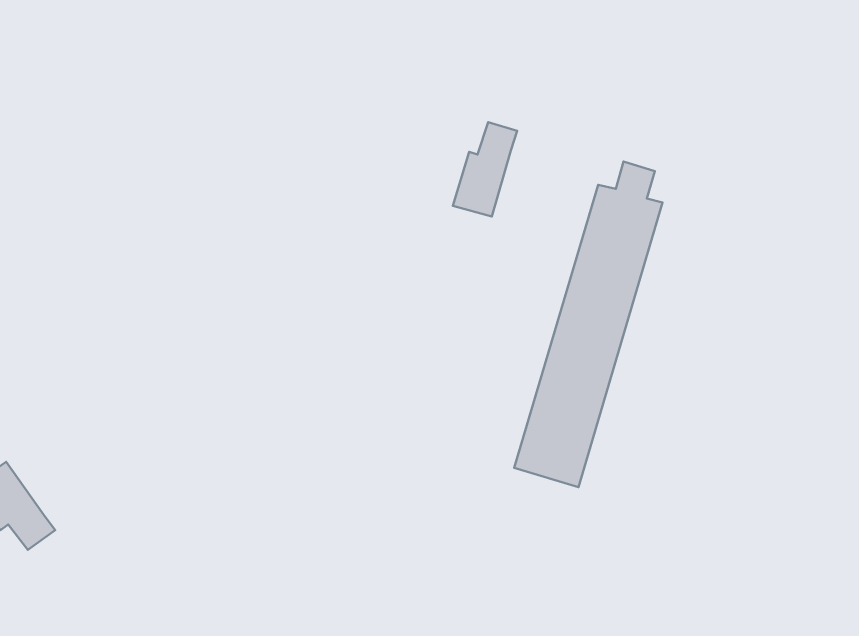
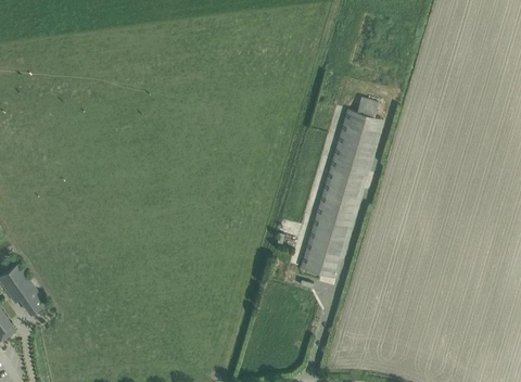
building: [453,122,517,216] -> none

